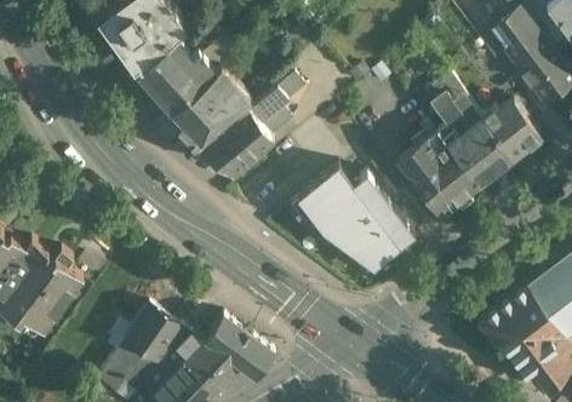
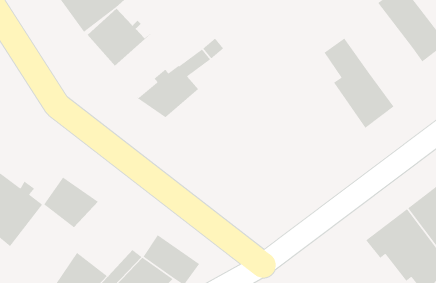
building: [172,76,239,149] -> none
building: [482,104,540,161] -> none
building: [399,133,476,217] -> none
building: [296,166,414,269] -> none
building: [125,305,193,368] -> [43,177,99,228]

